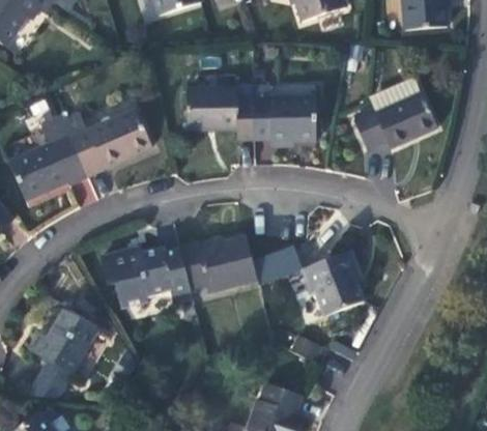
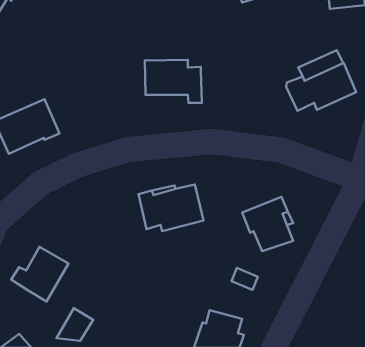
building: [253,96,315,141] -> none
building: [62,109,151,176] -> none
building: [251,245,299,283] -> none
building: [99,248,192,309] -> none
building: [27,361,70,399] -> [56,308,93,341]

